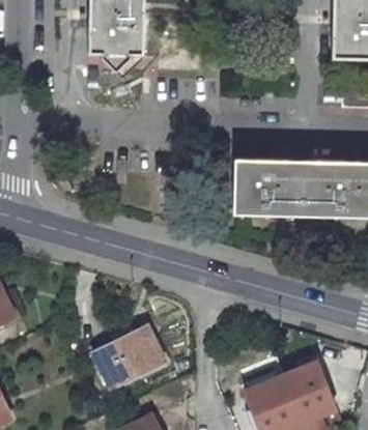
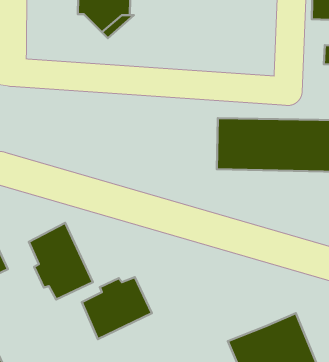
building: none -> [29,223,93,299]

